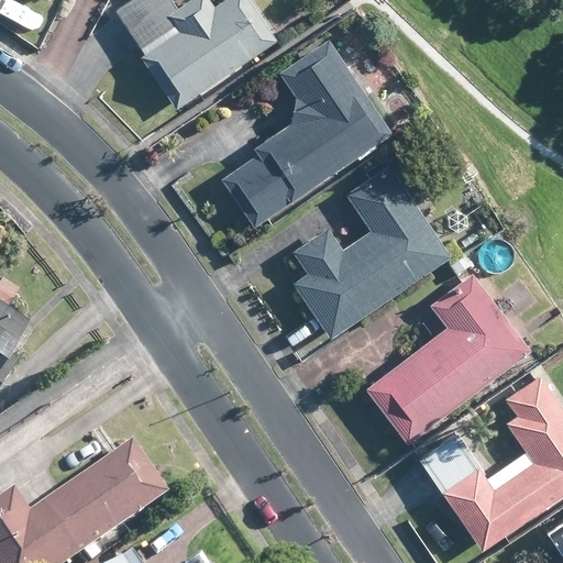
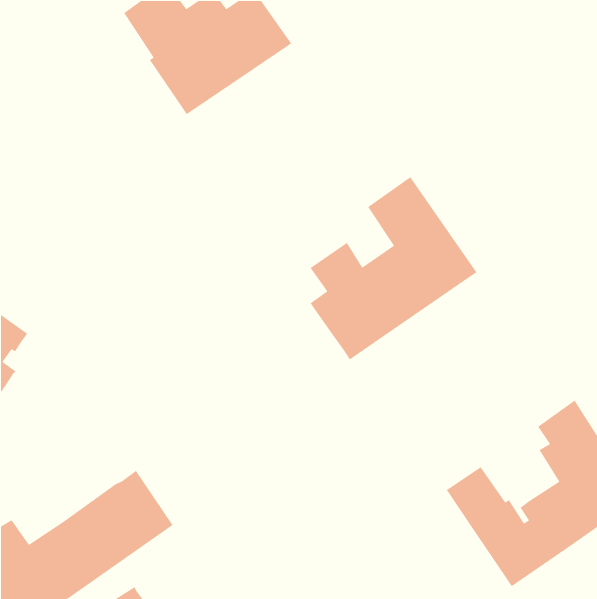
building: [222,41,390,227] -> none
building: [366,275,530,444] -> none

